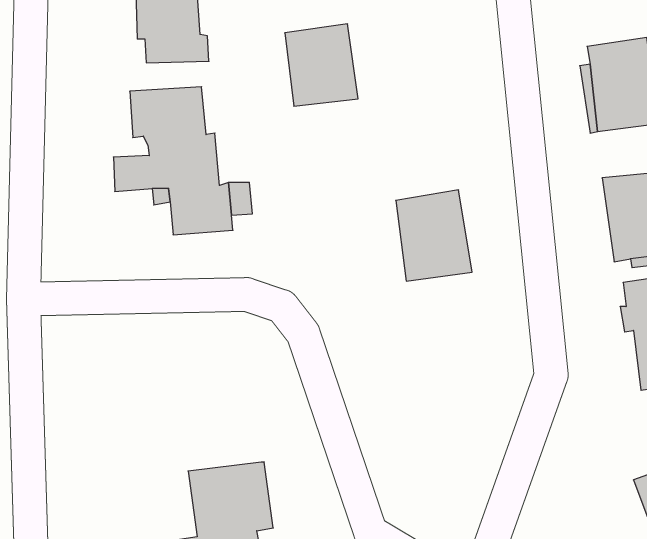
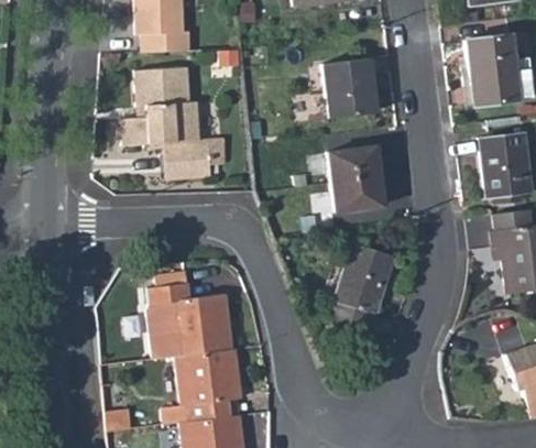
building: [285,24,358,106] -> [321,59,375,120]
building: none -> [335,243,395,328]
building: none -> [145,280,230,356]

